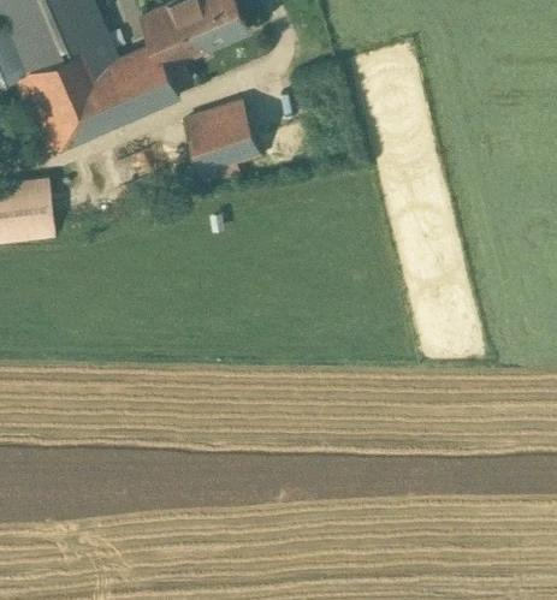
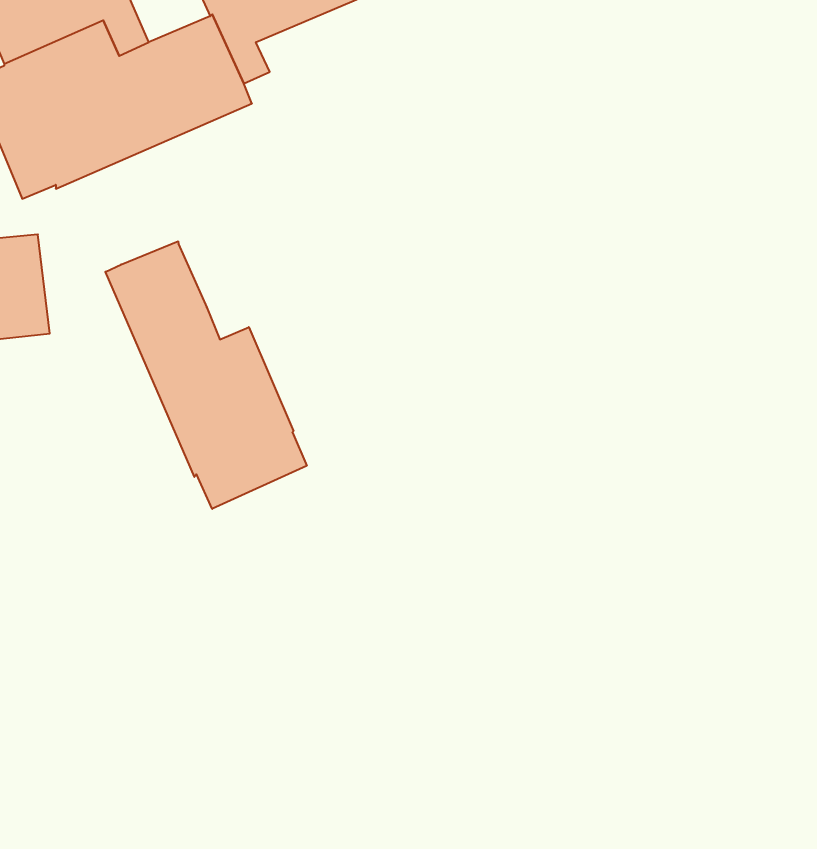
building: [180,97,257,170] -> none
building: none -> [105,241,307,509]

